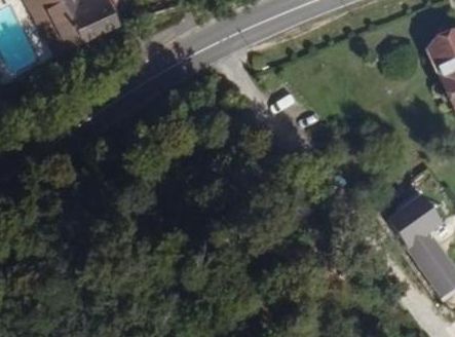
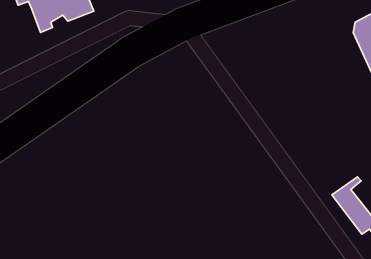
building: [387,195,442,247] -> none

